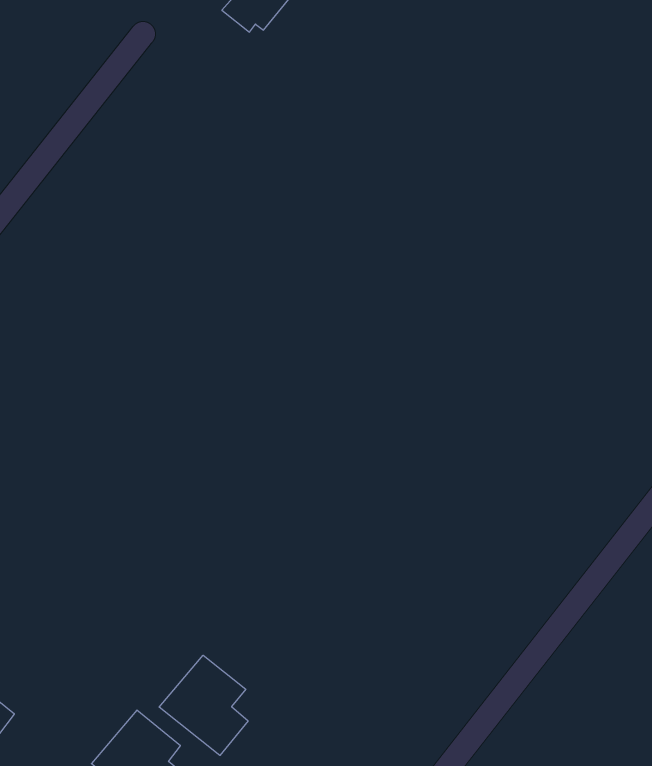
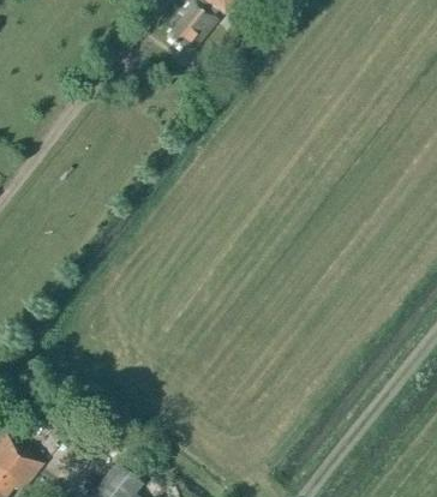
building: [159,655,248,755] -> none

